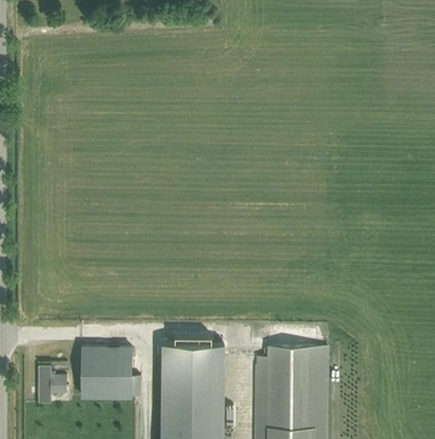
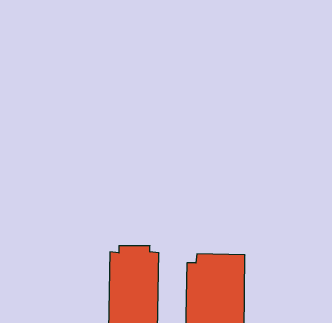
building: [81,348,131,398] -> none
building: [38,361,67,406] -> none

